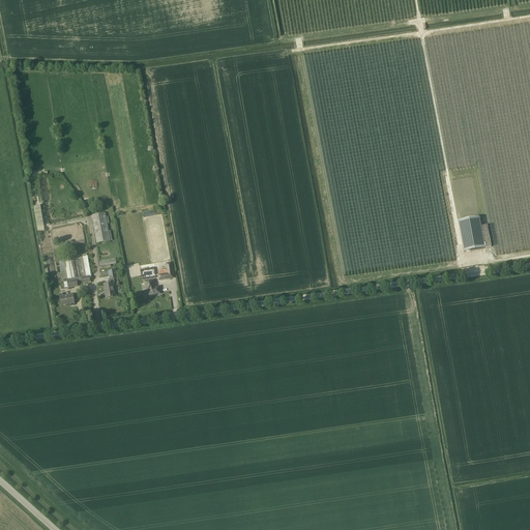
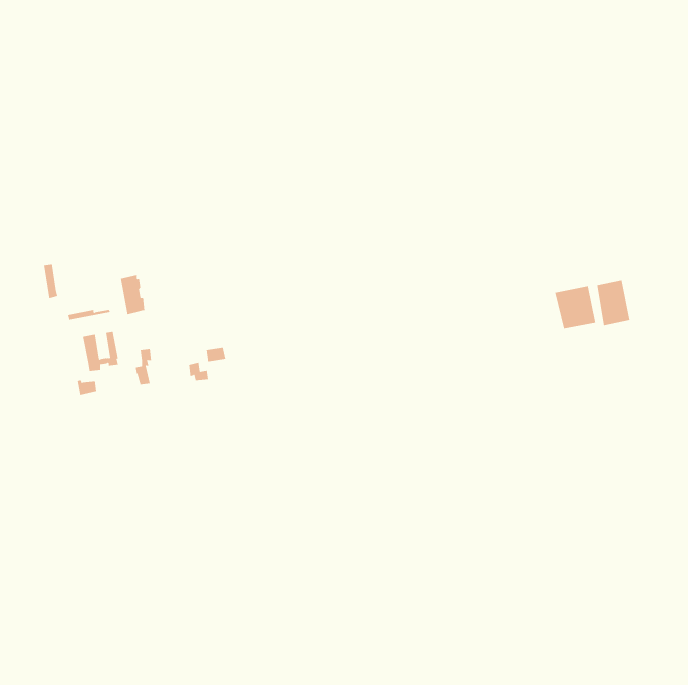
building: none -> [555,285,596,329]

